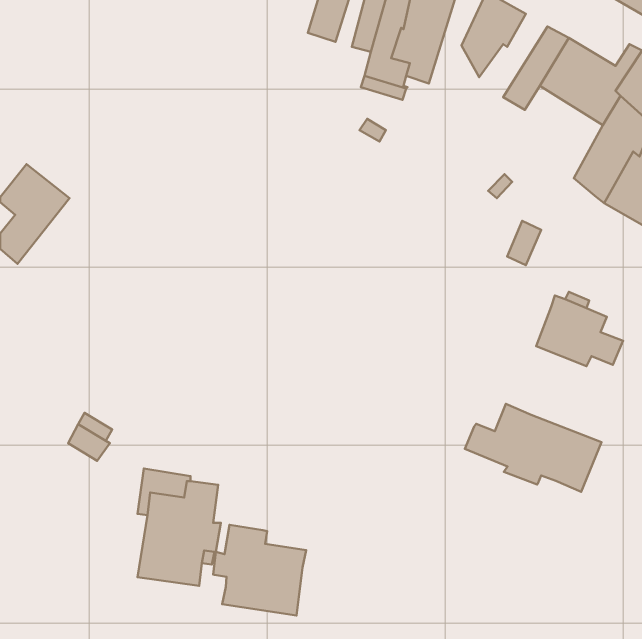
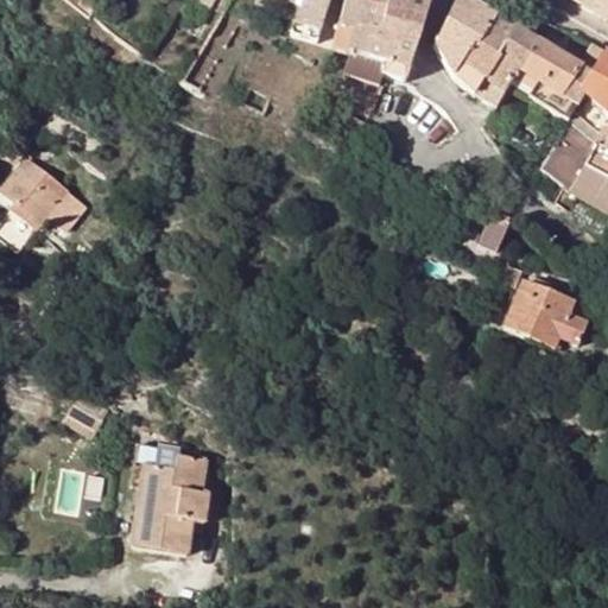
building: none -> [454,13,518,91]
building: [465,404,602,492] -> none
building: [213,525,306,616] -> none

